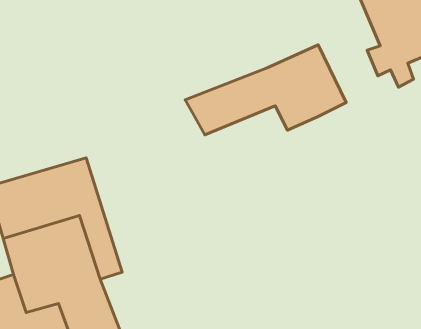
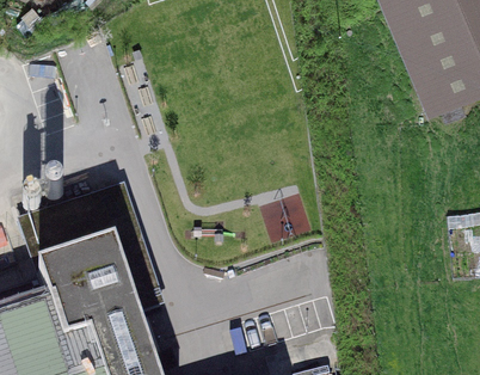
building: [185,45,346,135] -> none

